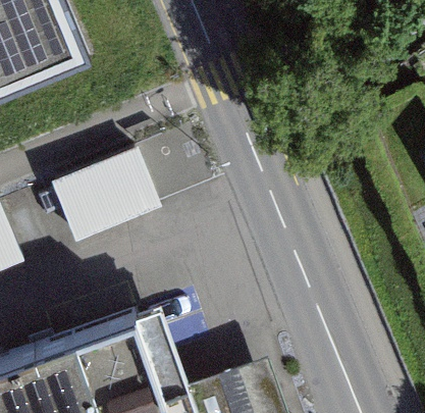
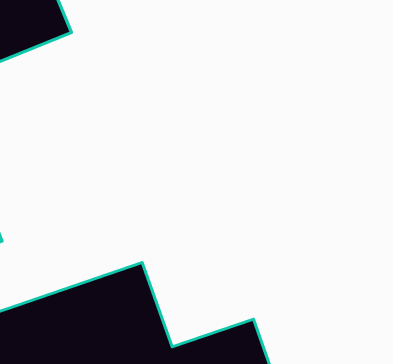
building: [54,146,166,248] -> none

